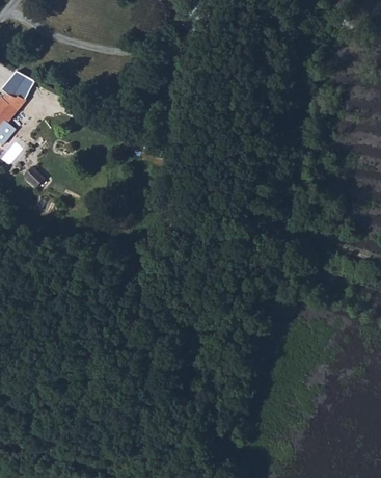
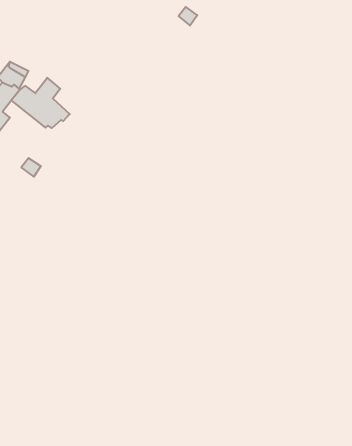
building: none -> [11,78,70,128]

